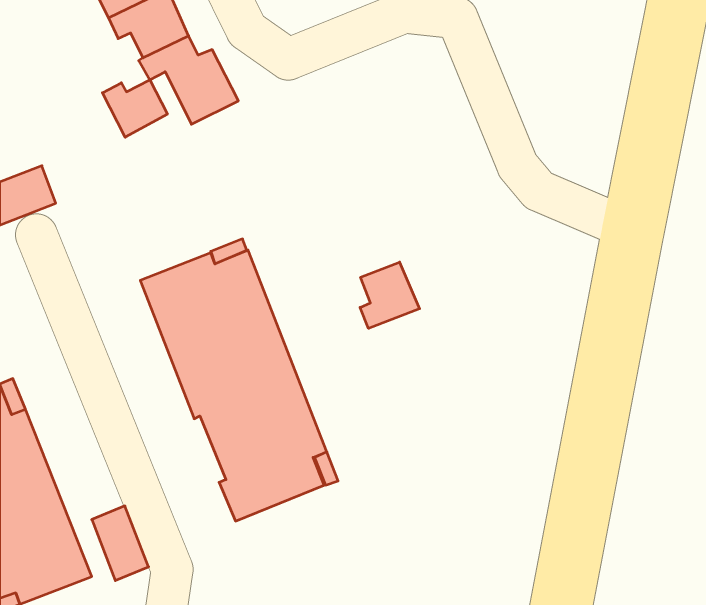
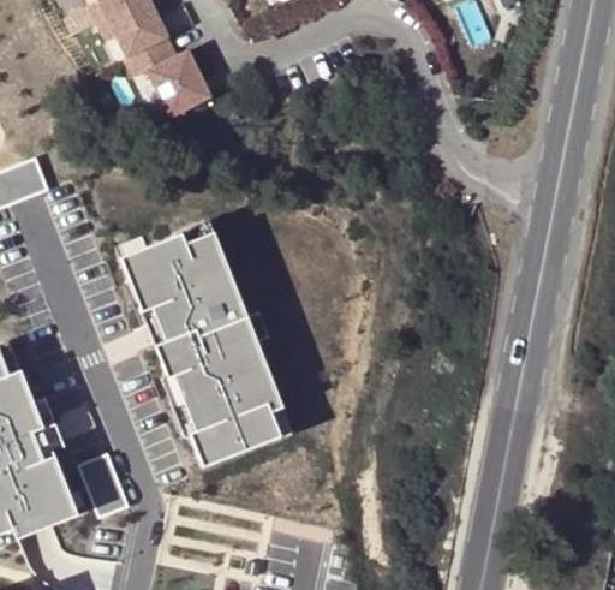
building: [102,80,167,137] -> none
building: [360,262,420,328] -> none

